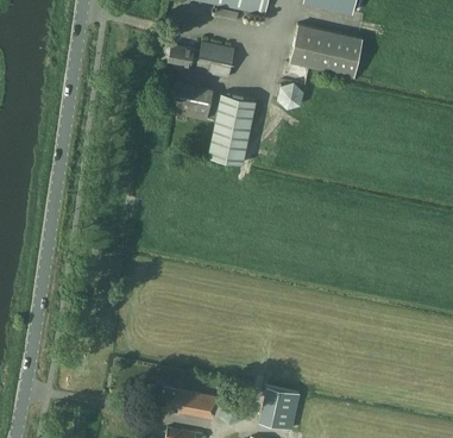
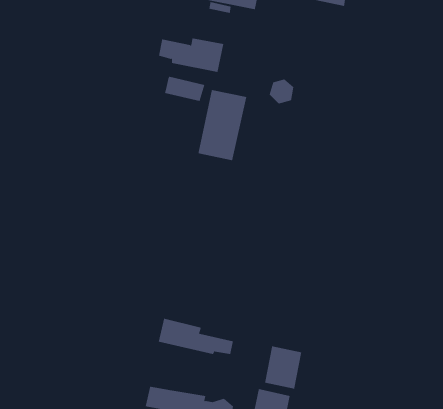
building: [289,25,364,76] -> none
building: none -> [158,318,234,355]
building: none -> [264,346,302,389]

